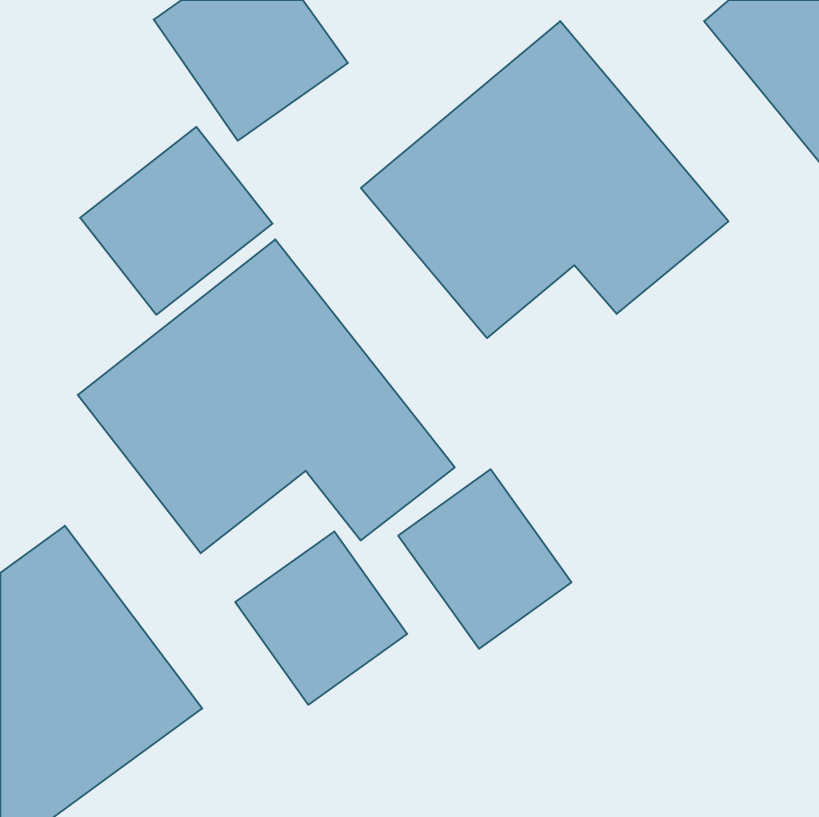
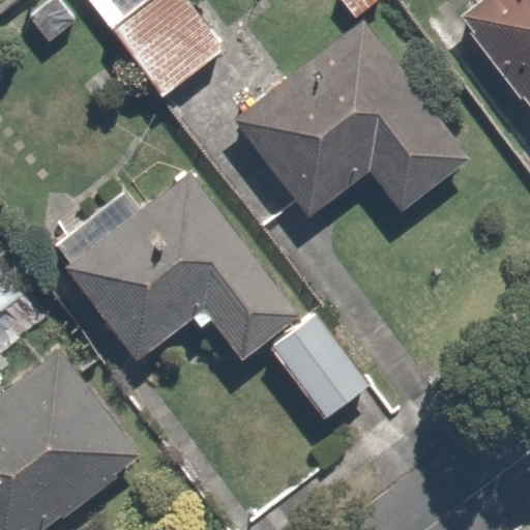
building: [80,127,273,315] -> none
building: [235,531,407,705] -> none

